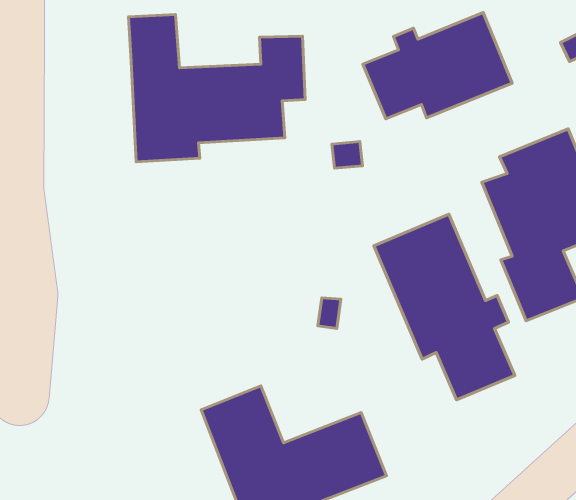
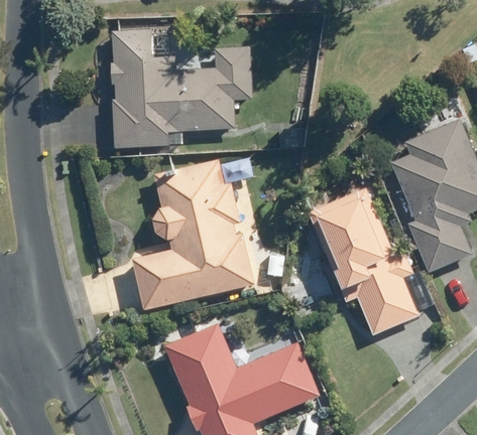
building: [363,12,512,119] -> none
building: none -> [132,161,254,309]

